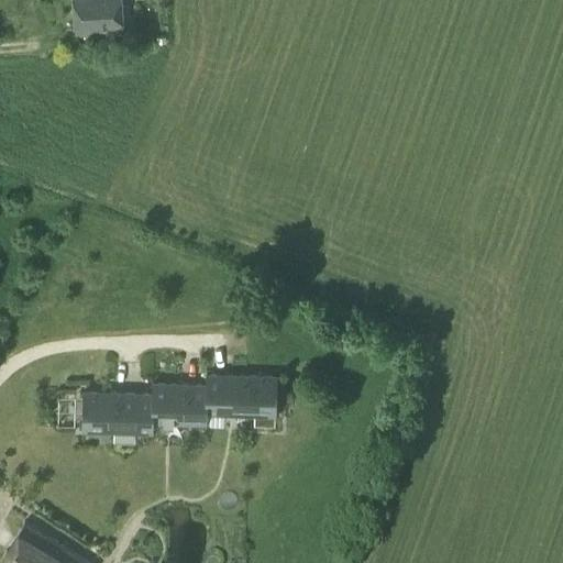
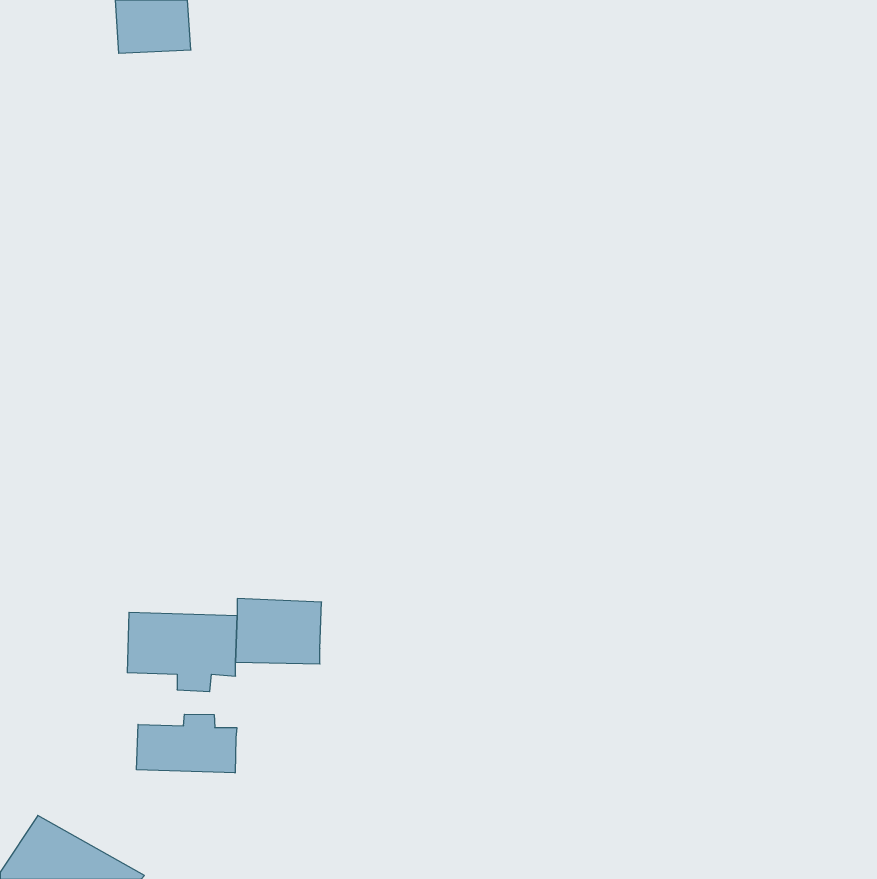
building: [206,374,277,426] -> none
building: none -> [137,714,237,773]

